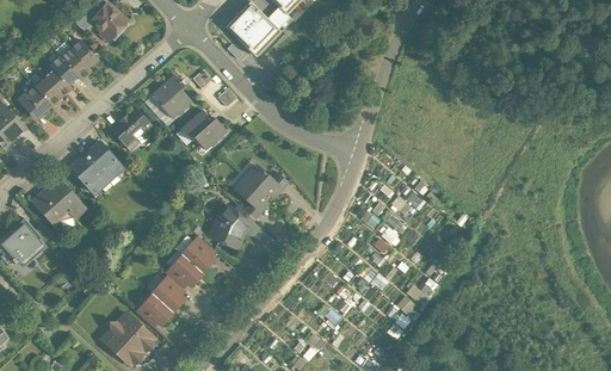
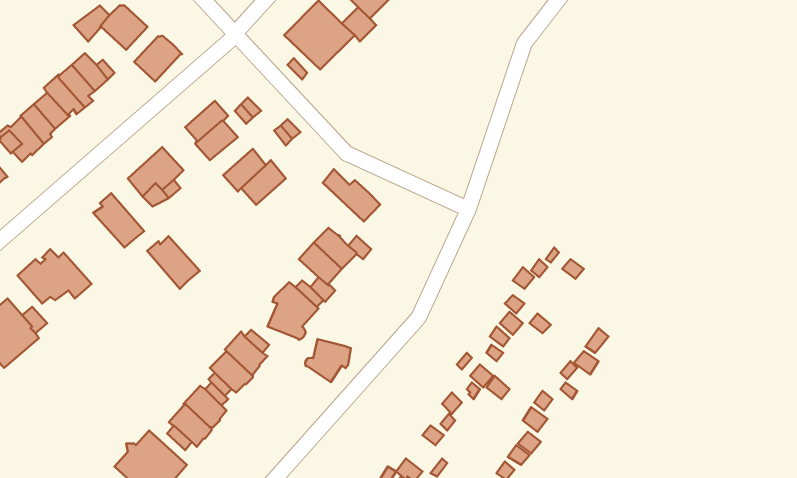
building: none -> [134,36,182,82]
building: none -> [323,169,380,221]
building: [70,155,109,193] -> [147,236,200,289]
building: none -> [305,339,351,382]

